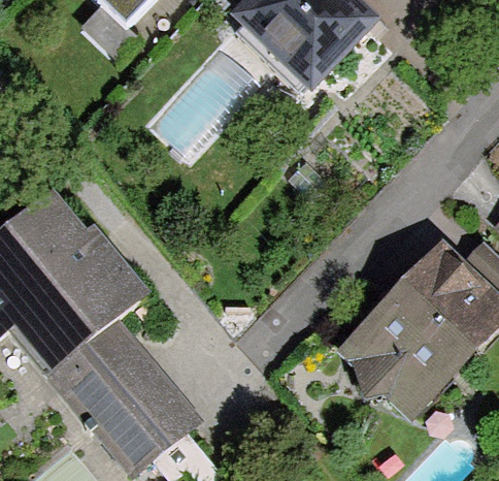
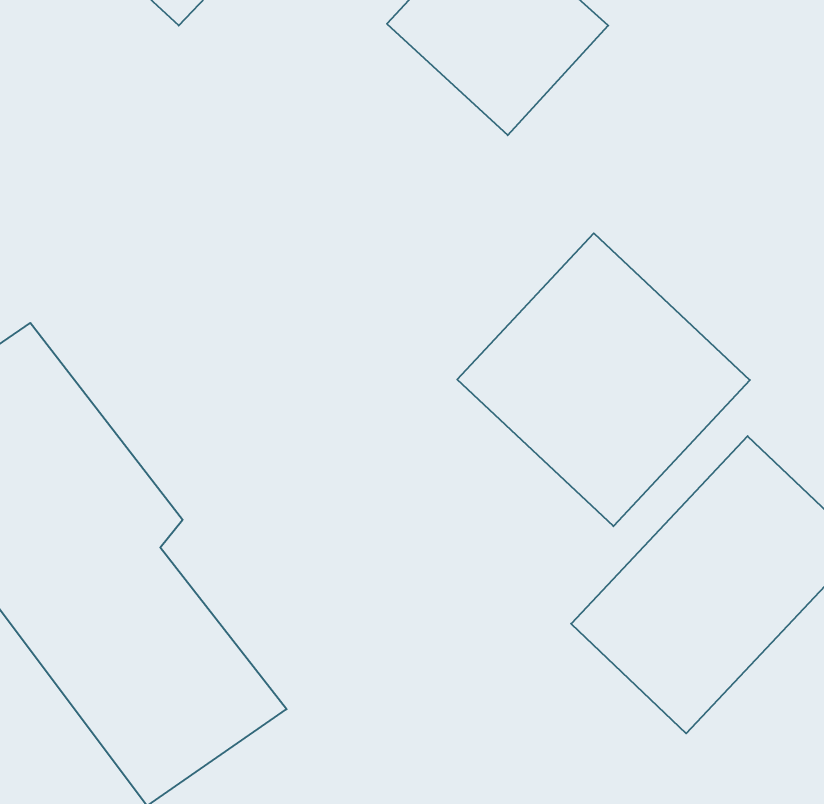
building: none -> [457,233,750,526]

